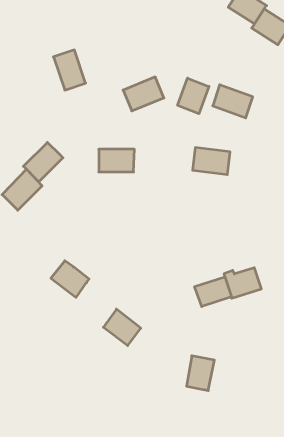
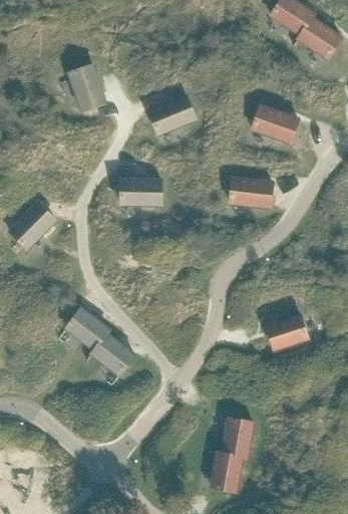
building: [178,78,209,114] -> none
building: [23,142,63,182] -> none
building: [195,277,231,307] -> none
building: [103,309,141,346] -> [91,332,134,374]
building: none -> [211,451,243,491]

